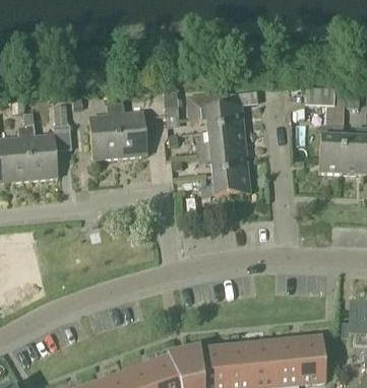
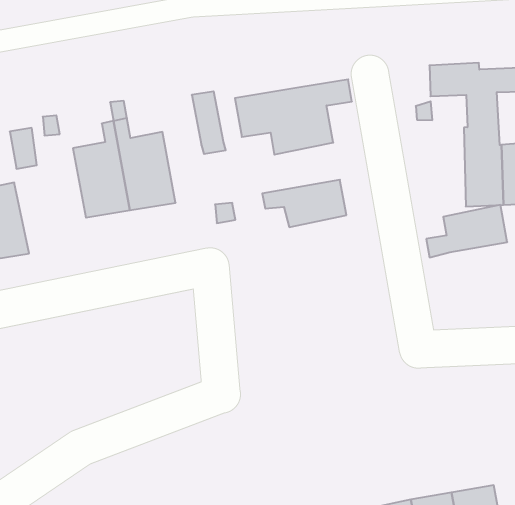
building: [198,126,246,152] -> none
building: [202,170,250,197] -> [426,205,507,257]

